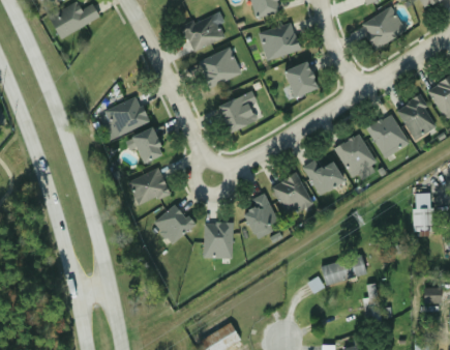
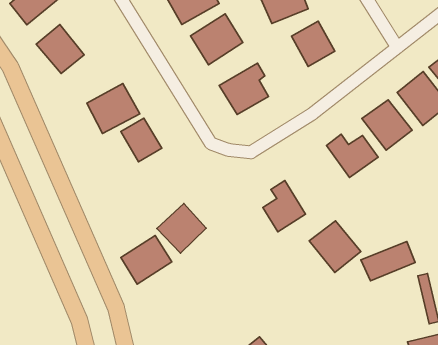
building: none -> [36,25,84,74]
building: [126,167,169,206] -> [121,235,172,284]
building: [271,173,313,216] -> [309,221,361,273]
building: [203,223,233,258] -> none

